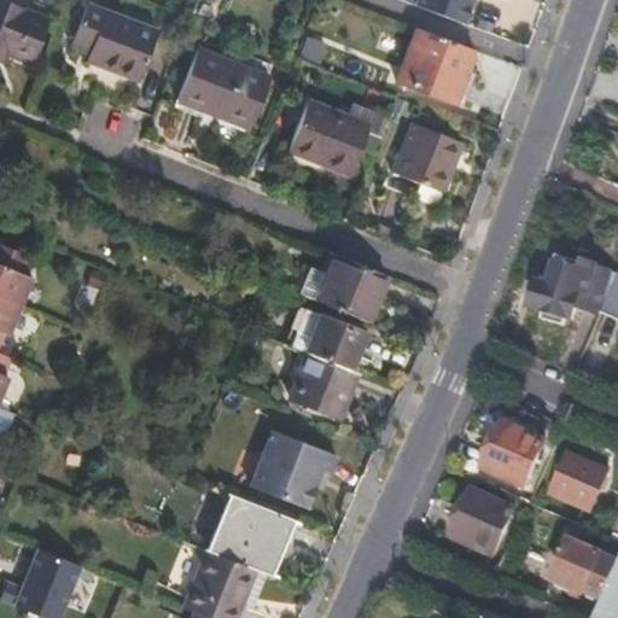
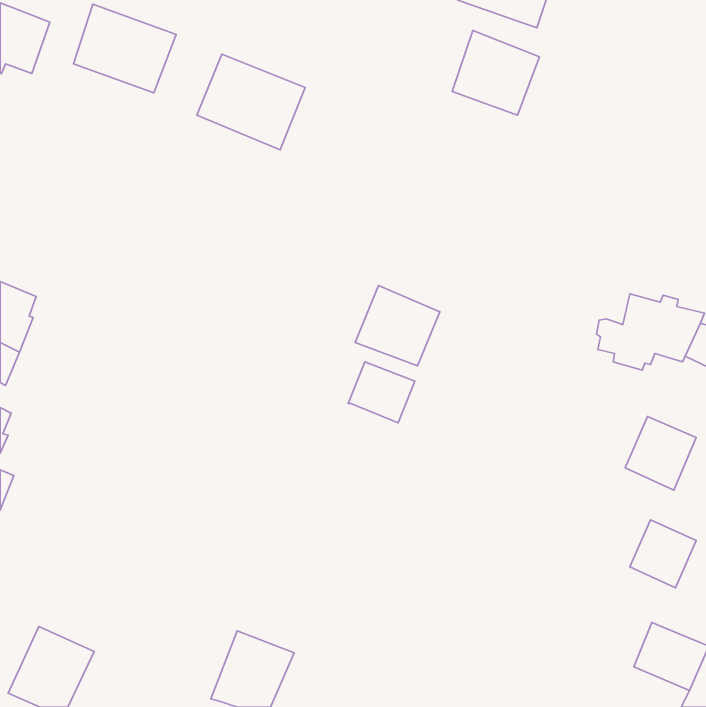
building: [282,100,365,174] -> none
building: [389,122,459,209] -> none
building: [288,351,356,415] -> none
building: [483,424,544,488] -> [625,417,696,490]
building: [253,428,339,507] -> none
building: [209,492,303,577] -> none
building: [451,492,513,555] -> none

